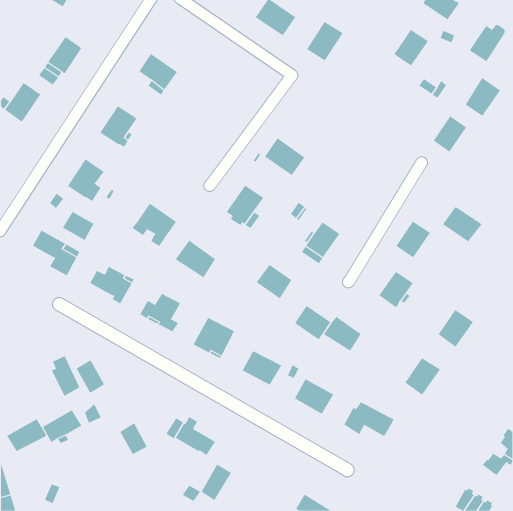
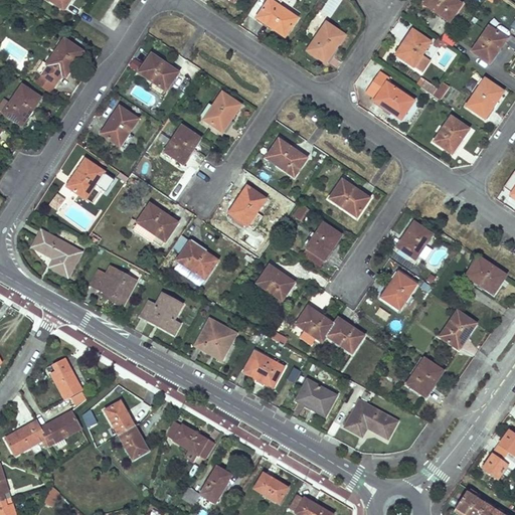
building: none -> [364,72,412,119]
building: none -> [198,92,239,132]
building: none -> [163,126,199,164]
building: none -> [329,179,369,216]
building: [442,206,482,242] -> [465,256,505,293]
building: [62,211,94,241] -> none
building: [76,360,105,394] -> [106,398,135,433]
building: none -> [254,472,288,501]

